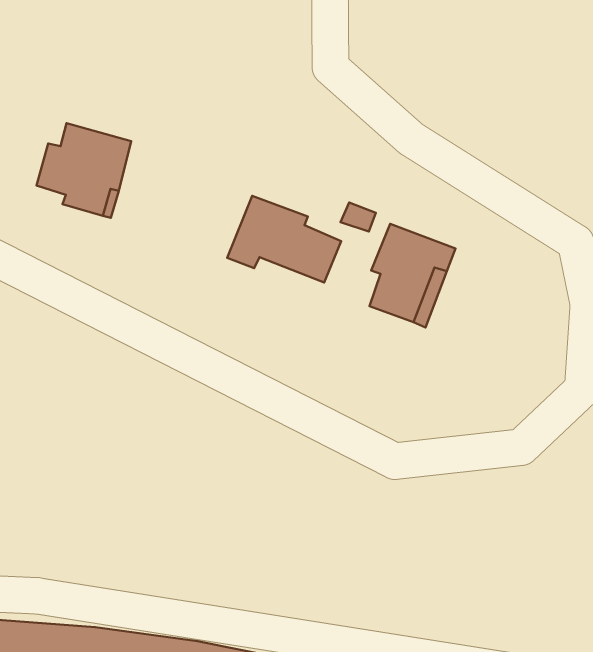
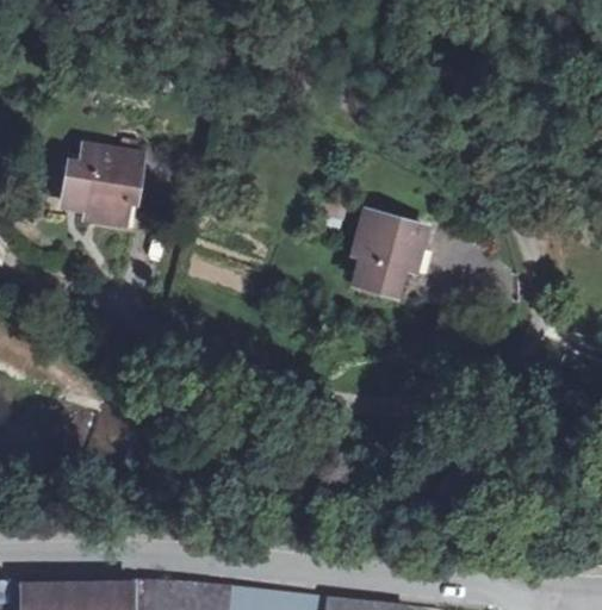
building: [227,196,341,282] -> none

